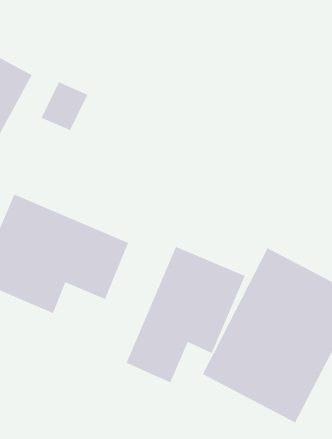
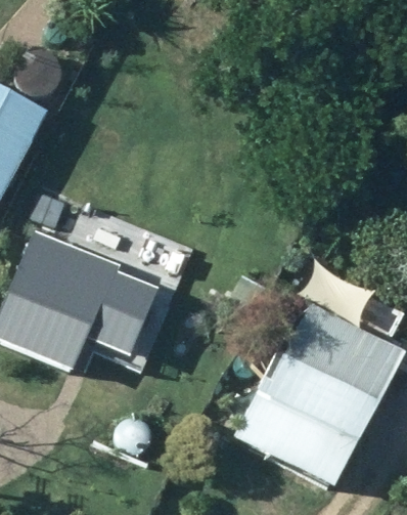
building: [126,246,246,383] -> none

